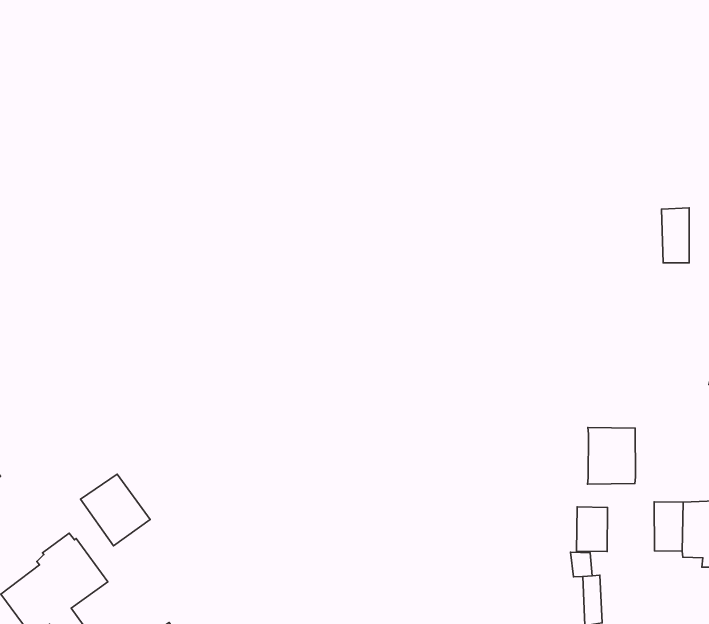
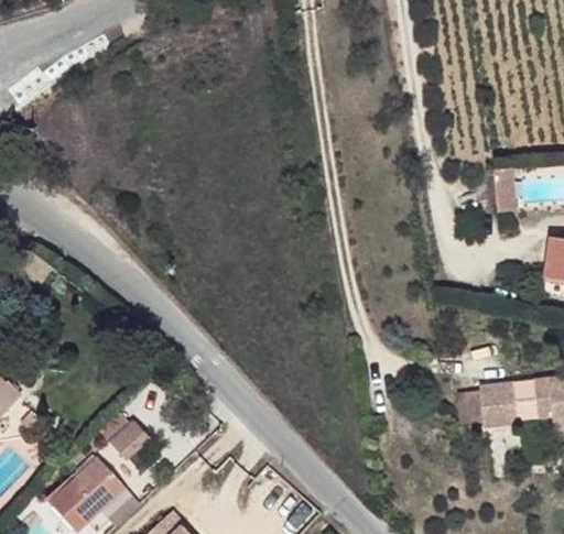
building: [587,428,636,484] -> [478,383,517,427]

